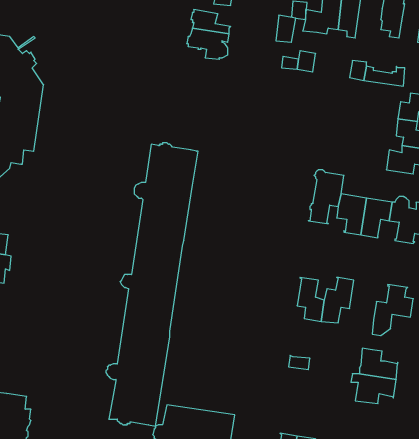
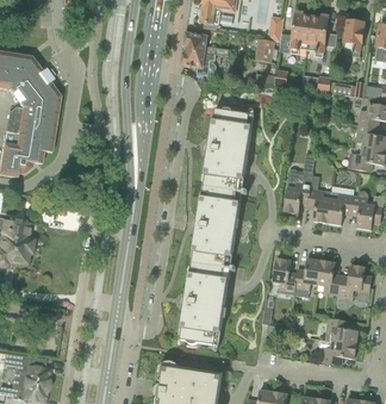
building: [106,143,198,426] -> [176,107,254,346]
building: none -> [317,261,340,294]

